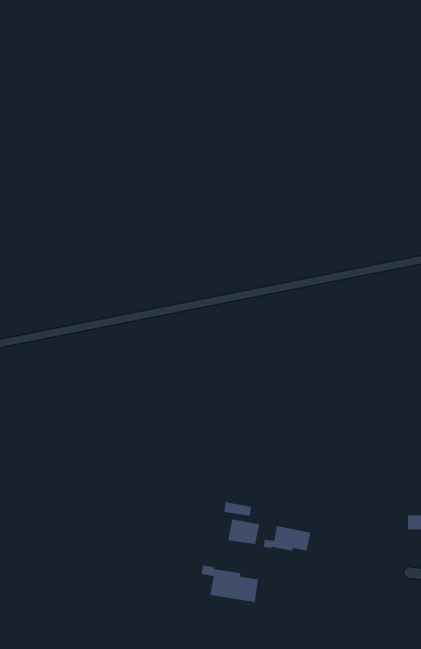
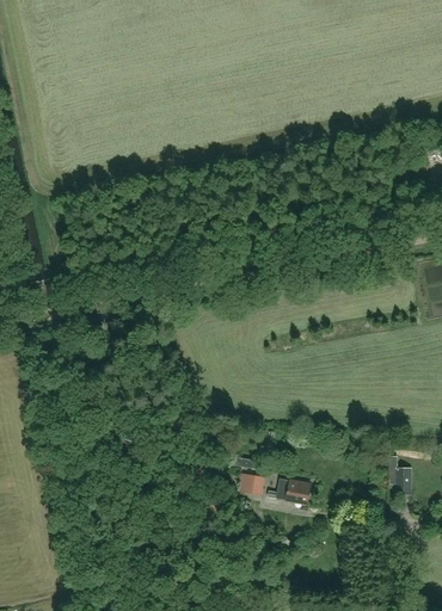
building: [201,564,258,603] -> none

